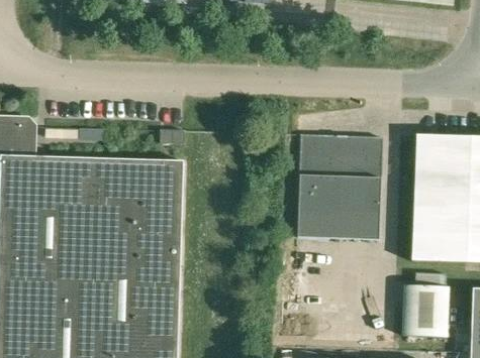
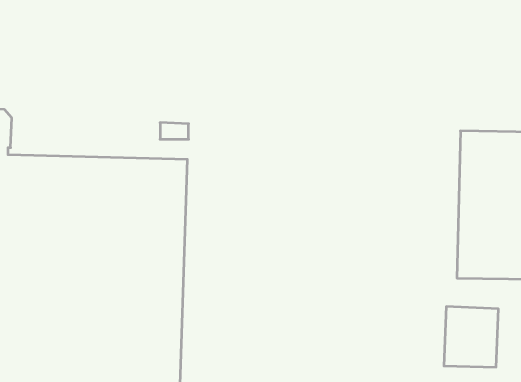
building: [298,134,383,240] -> none

